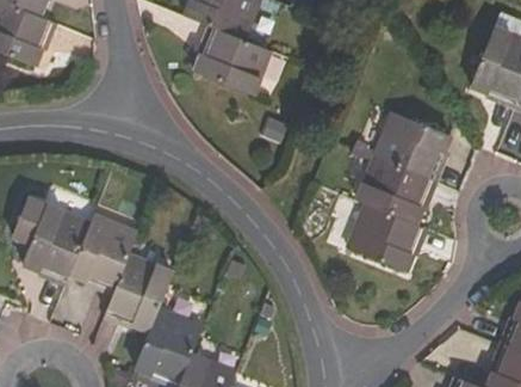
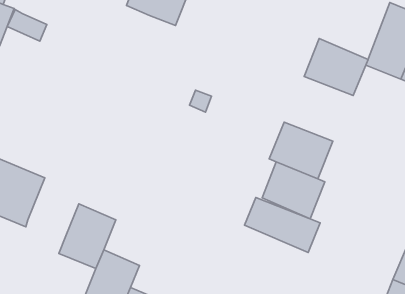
building: [196,27,272,94] -> none
building: [374,110,451,178] -> [304,39,368,95]
building: [68,214,137,291] -> none
building: none -> [244,197,320,252]

